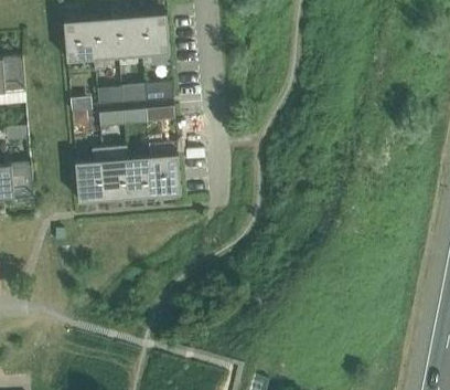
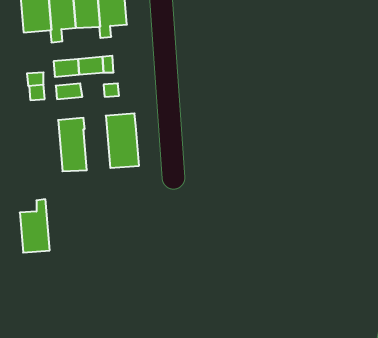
building: [75,148,105,201] -> [20,199,50,253]
building: [126,156,152,198] -> none

